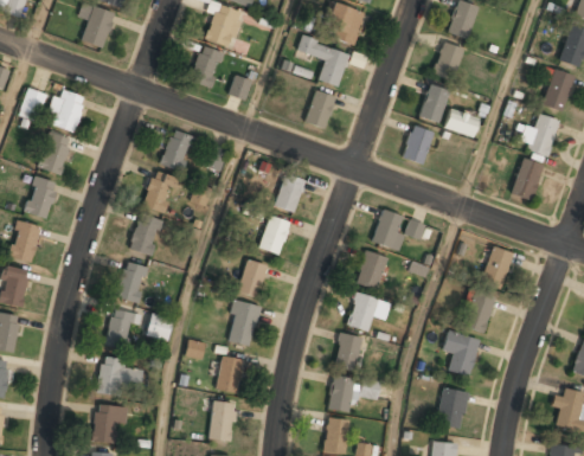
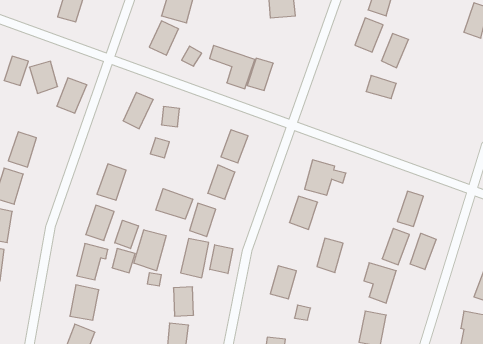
building: [297,36,351,86] -> [210,45,255,89]
building: [539,68,575,111] -> none
building: [418,85,450,126] -> [381,34,409,68]
building: [519,114,559,155] -> none
building: [402,126,432,165] -> none
building: [37,134,72,175] -> [57,78,87,113]
building: [512,159,541,200] -> none
building: [142,173,175,214] -> none
building: none -> [156,189,193,219]
building: none -> [115,220,138,249]
building: none -> [134,230,166,271]
building: [347,294,378,334] -> [317,238,343,273]
building: none -> [410,233,436,270]
building: none -> [210,245,233,274]
building: [327,375,357,415] -> none

